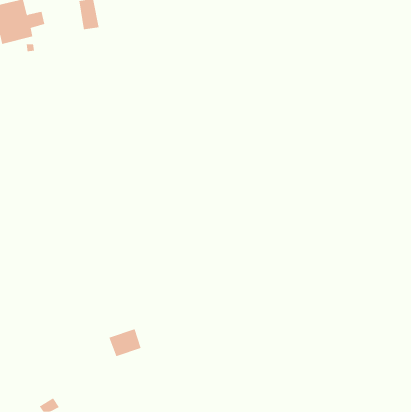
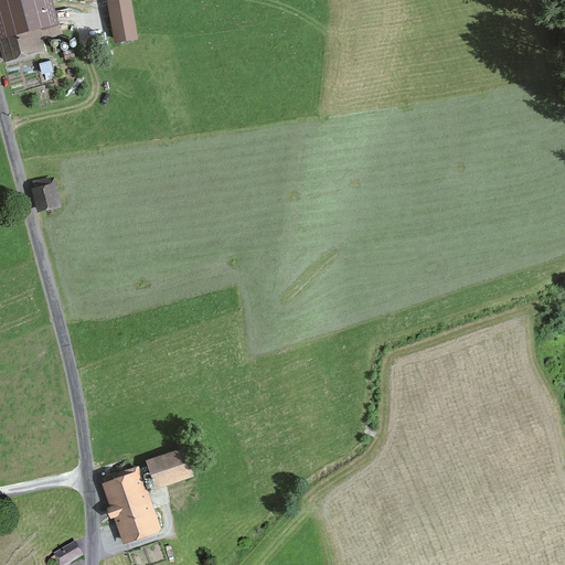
building: none -> [33,178,61,211]
building: none -> [103,469,160,544]

